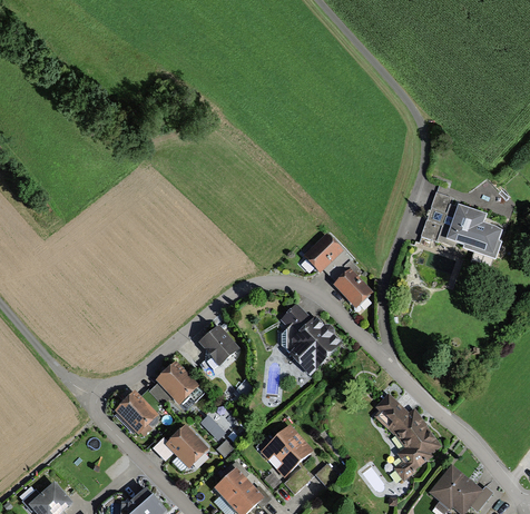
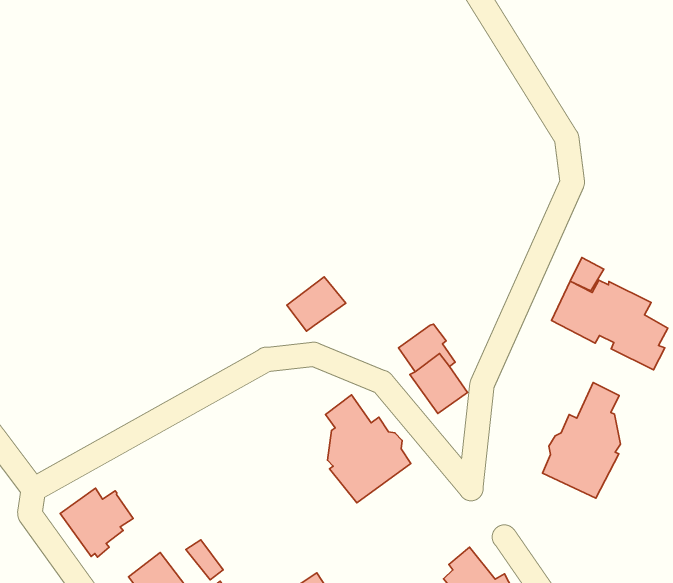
building: [303,235,342,273] -> [287,277,346,331]
building: none -> [543,383,620,498]
building: [198,325,239,369] -> none
building: [149,362,198,406] -> none

